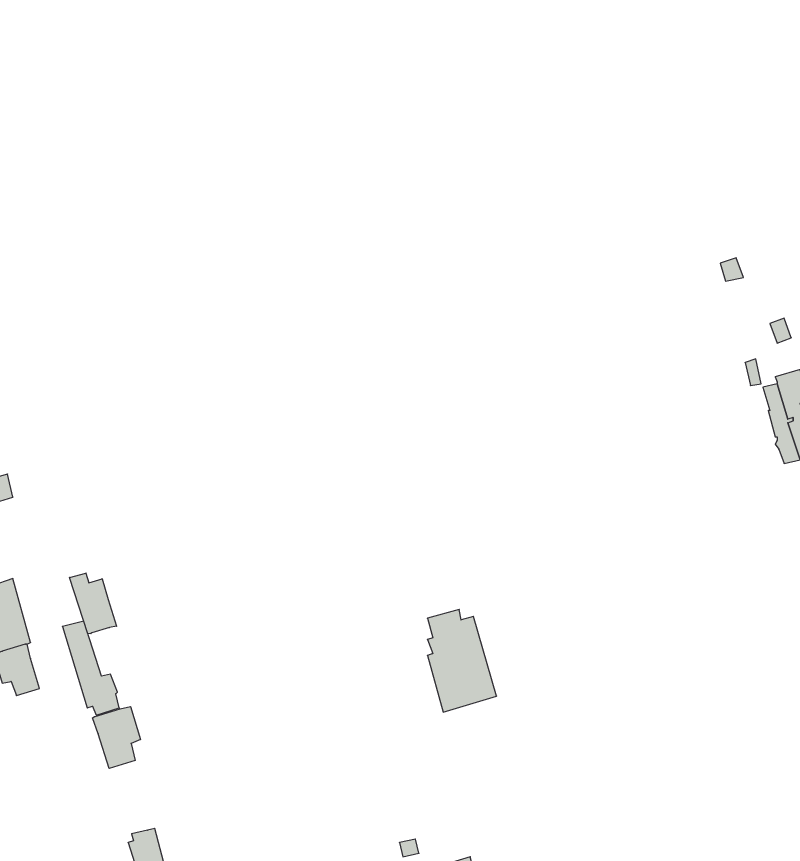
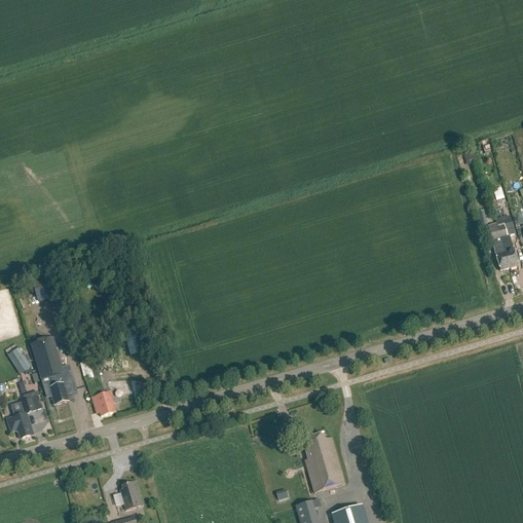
building: [70,573,117,634] -> none
building: [427,609,497,712] -> [305,433,345,492]
building: [93,707,140,768] -> none

